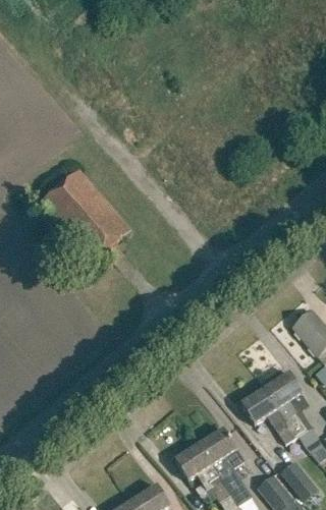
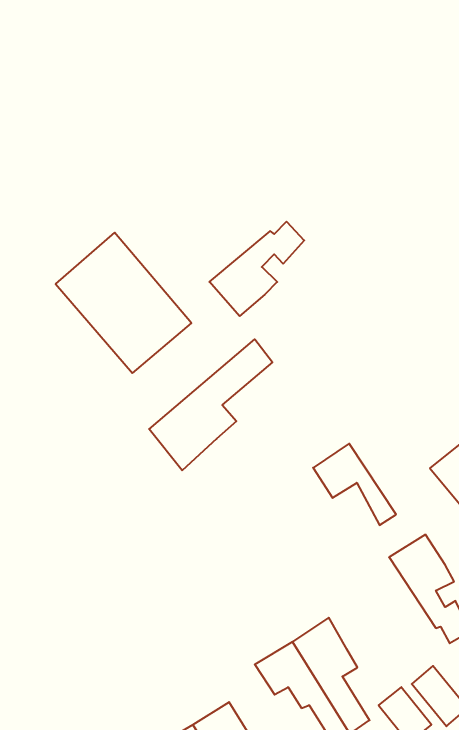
building: none -> [209,222,304,316]
building: none -> [149,339,272,470]
building: [239,387,295,442] -> [313,444,396,525]

